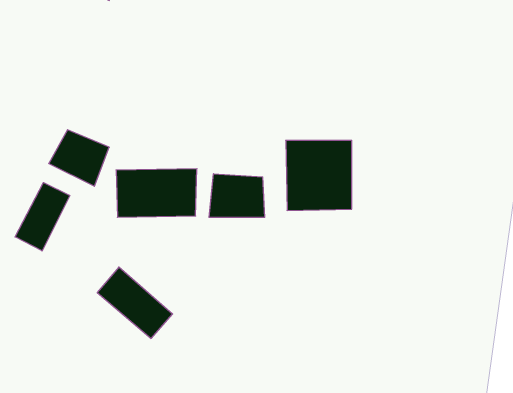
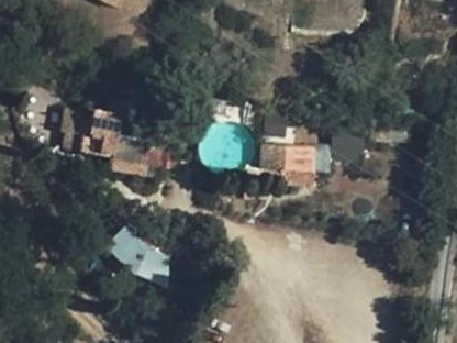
building: [209,174,265,217] -> none
building: [15,183,70,251] -> none

